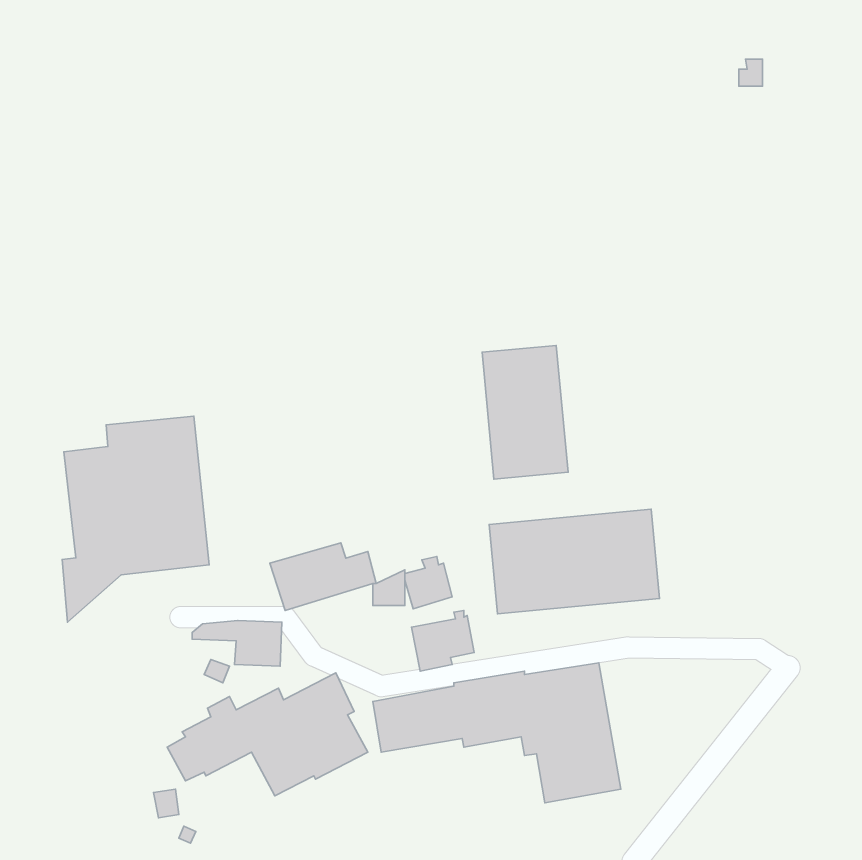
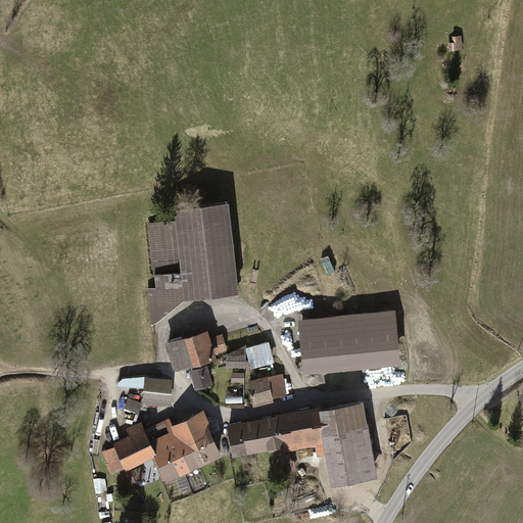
building: [482,345,568,479] -> none
building: [62,416,209,622] -> [147,202,236,327]
building: none -> [189,366,211,391]

